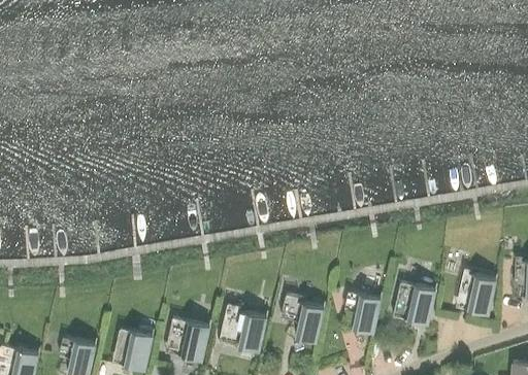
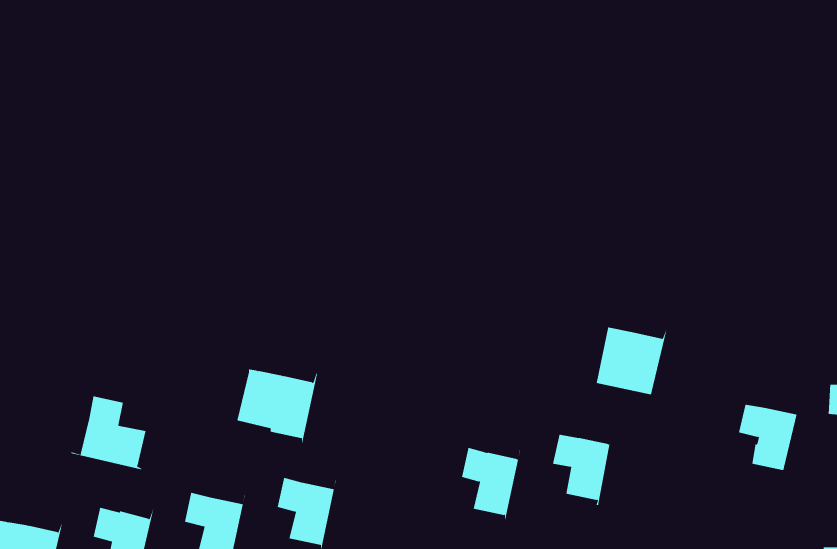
building: none -> [70,395,146,470]
building: [392,281,436,327] -> [596,327,667,400]
building: [217,308,267,354] -> [236,369,318,444]

